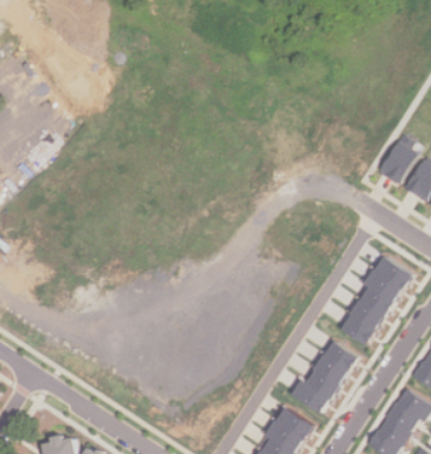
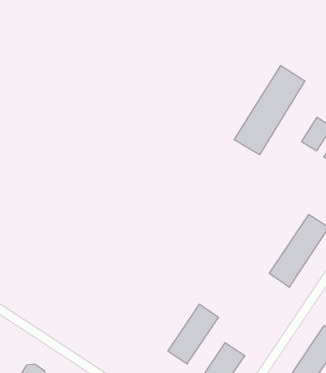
building: none -> [234,65,305,155]
building: [296,342,356,413] -> [168,304,219,364]

